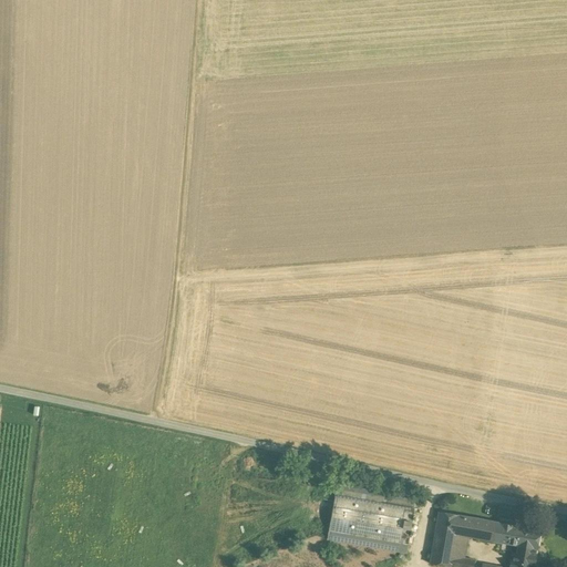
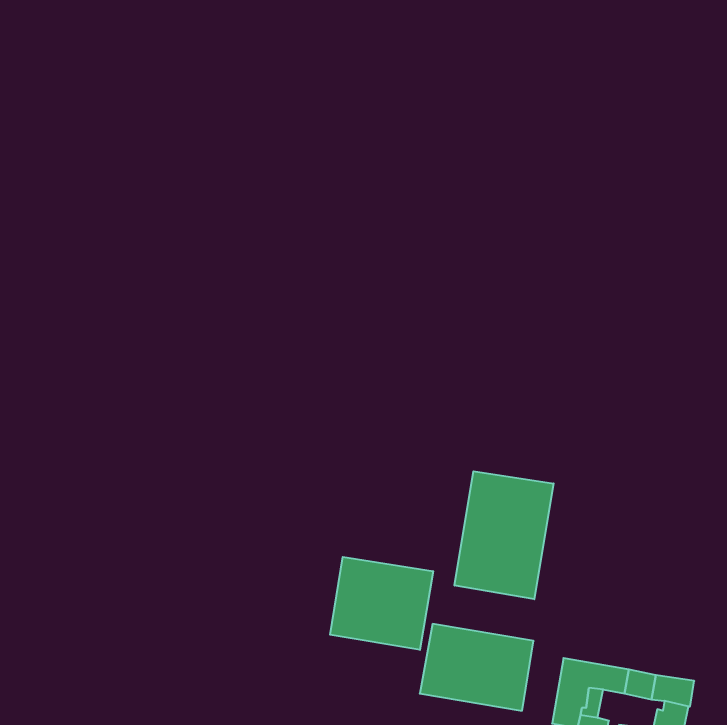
building: none -> [455,471,554,599]
building: none -> [330,557,433,650]

